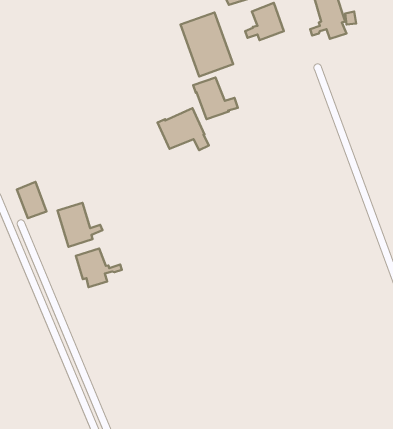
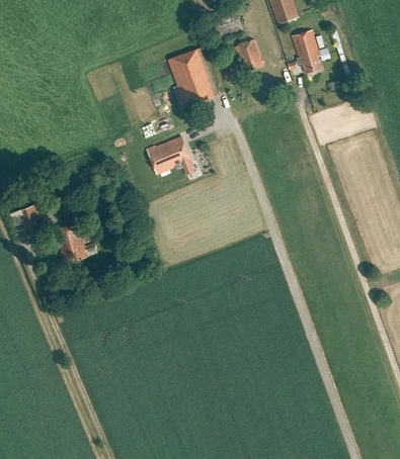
building: [193,77,238,119] -> none
building: [76,248,122,287] -> none

